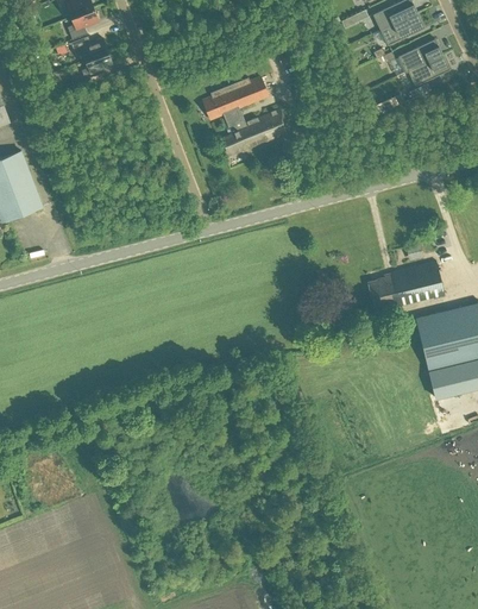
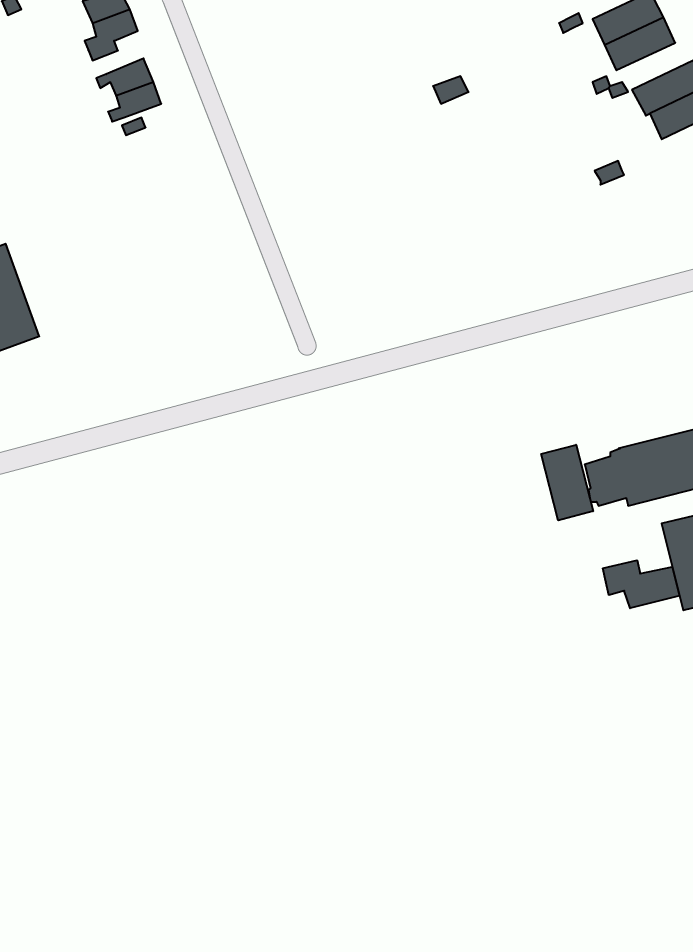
building: [202,77,289,158] -> none
building: none -> [541,445,593,520]
building: none -> [603,560,680,608]

